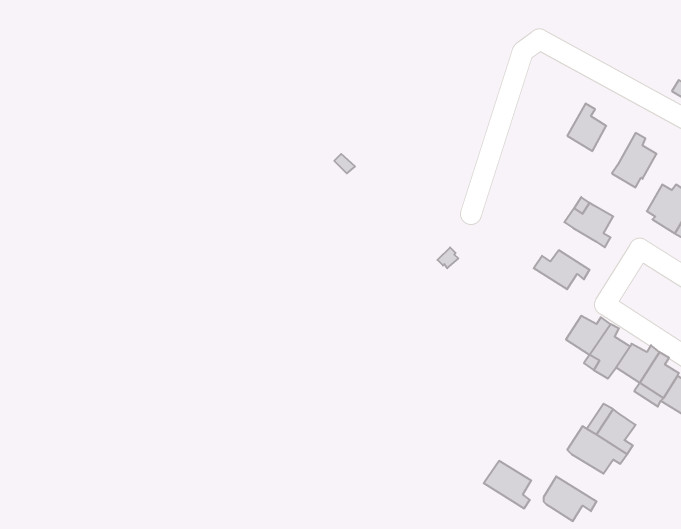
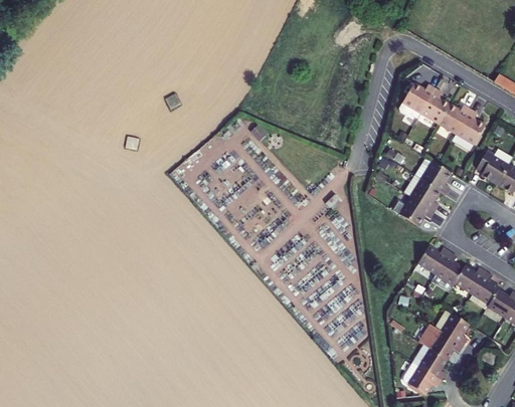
building: none -> [400,86,434,119]
building: none -> [439,108,470,136]
building: none -> [407,177,442,211]
building: [484,461,531,508] -> [412,344,447,378]

